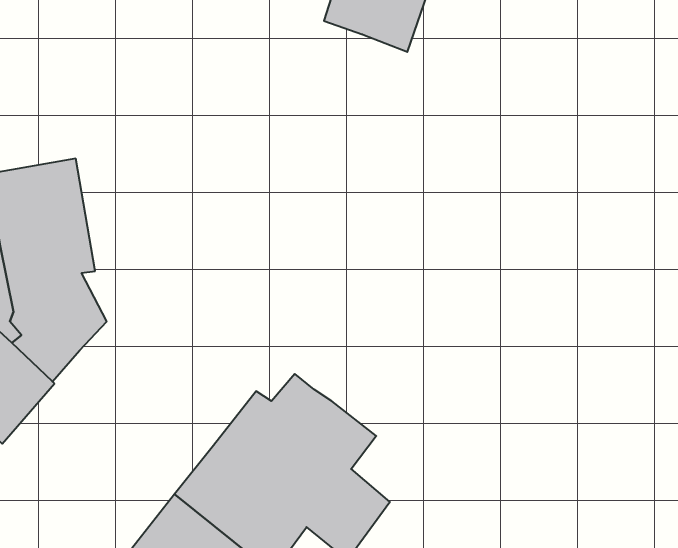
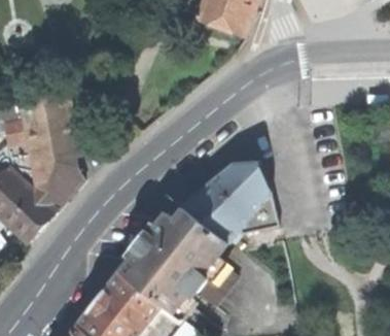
building: none -> [182,163,277,241]

